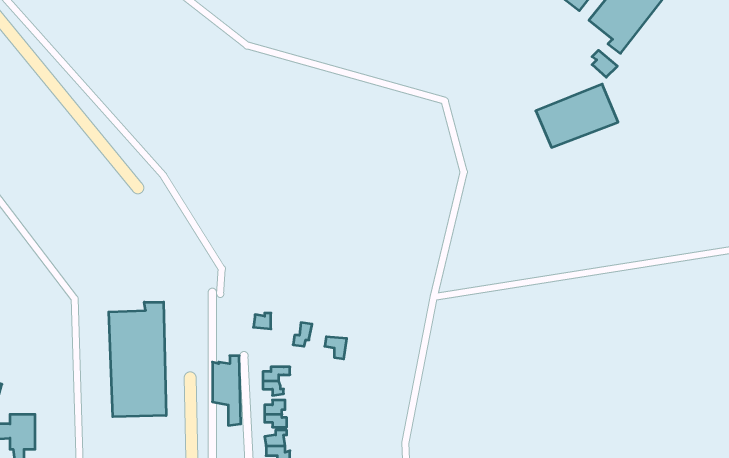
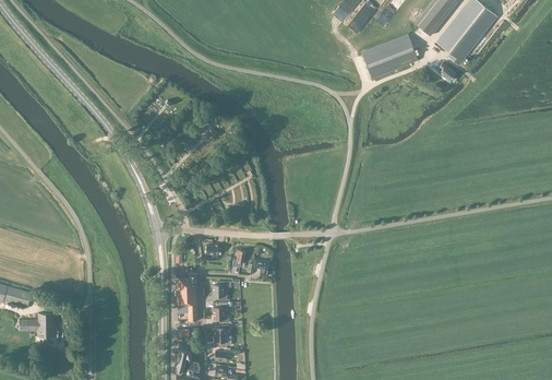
building: [536,84,618,147] -> [362,34,419,78]
building: [109,302,166,417] -> none

